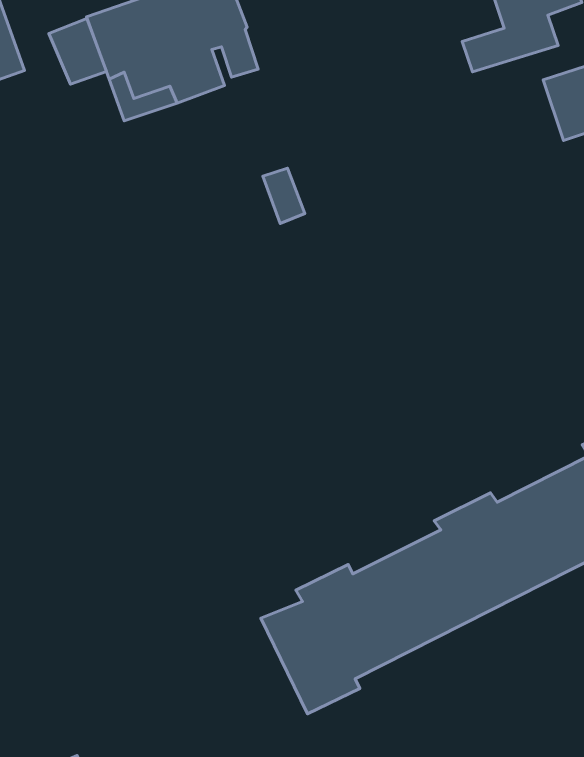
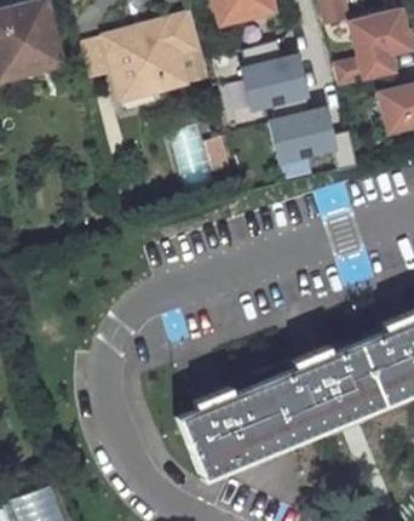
building: none -> [247,47,315,114]
building: none -> [268,109,345,168]

